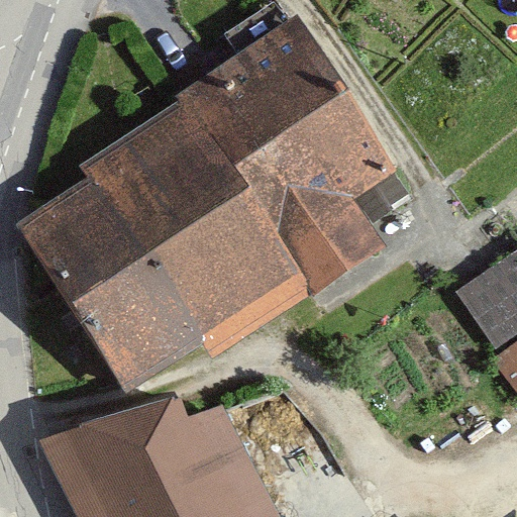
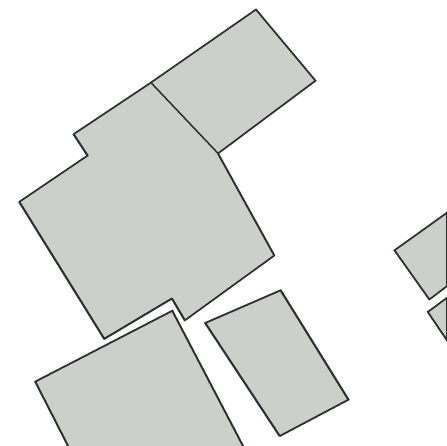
building: [251,96,403,297] -> none
building: none -> [205,290,349,436]

